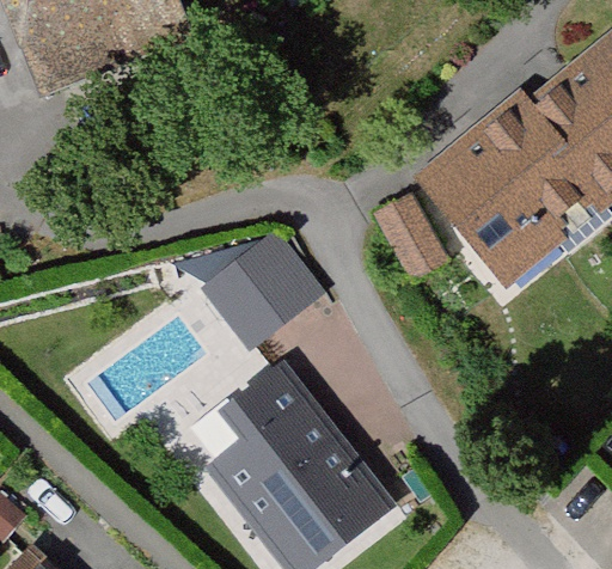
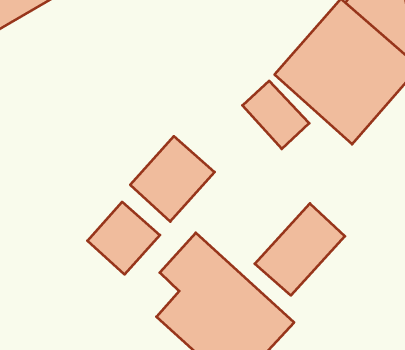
building: none -> [87,202,160,274]
building: none -> [255,203,345,295]

